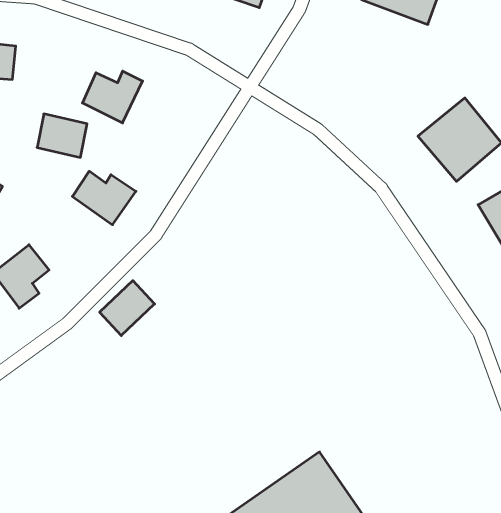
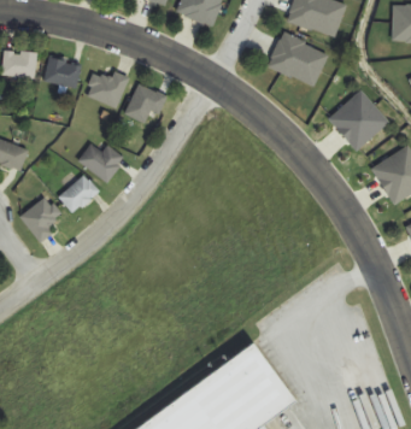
building: none -> [266,33,328,87]
building: none -> [123,82,164,127]
building: [37,114,87,157] -> [43,57,80,88]
building: [100,281,155,336] -> [58,175,98,214]

